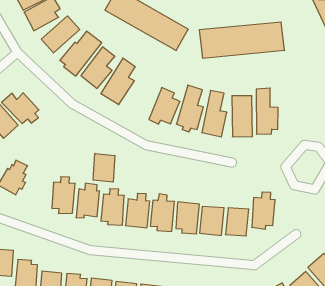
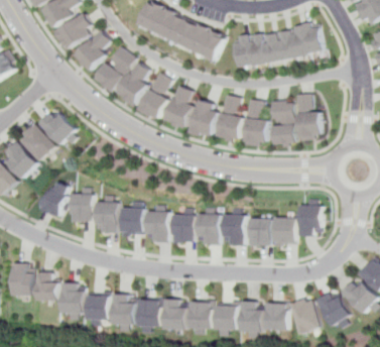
building: none -> [164,86,194,128]
building: [93,153,115,182] -> none
building: none -> [72,188,94,221]

